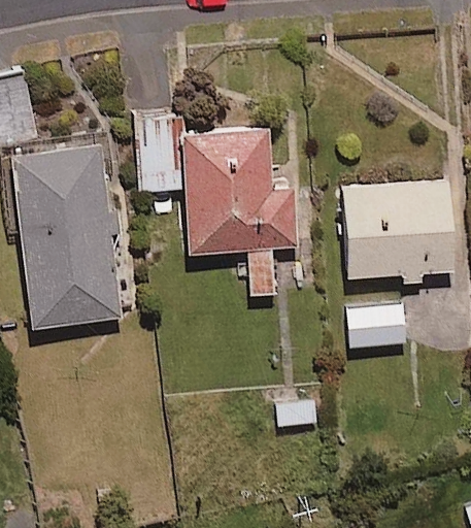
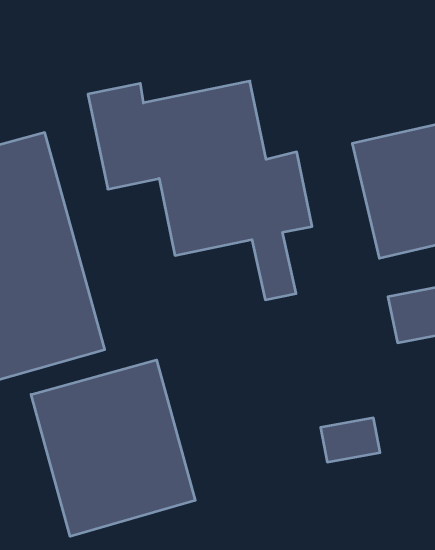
building: none -> [31,360,195,536]

